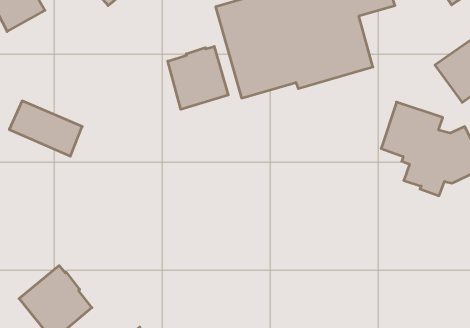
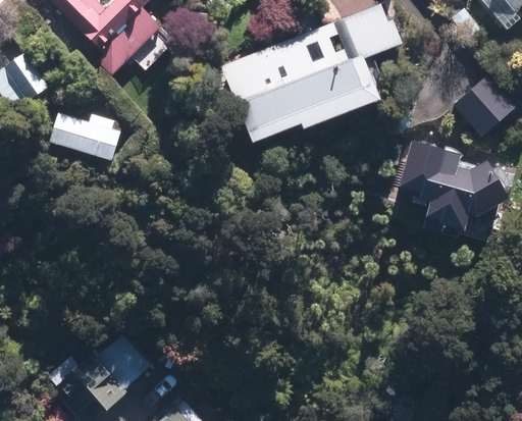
building: [168,46,228,109] -> none
building: [9,101,82,156] -> [49,110,123,162]

